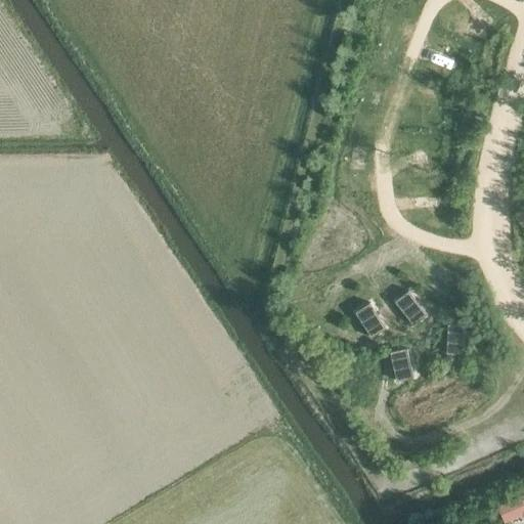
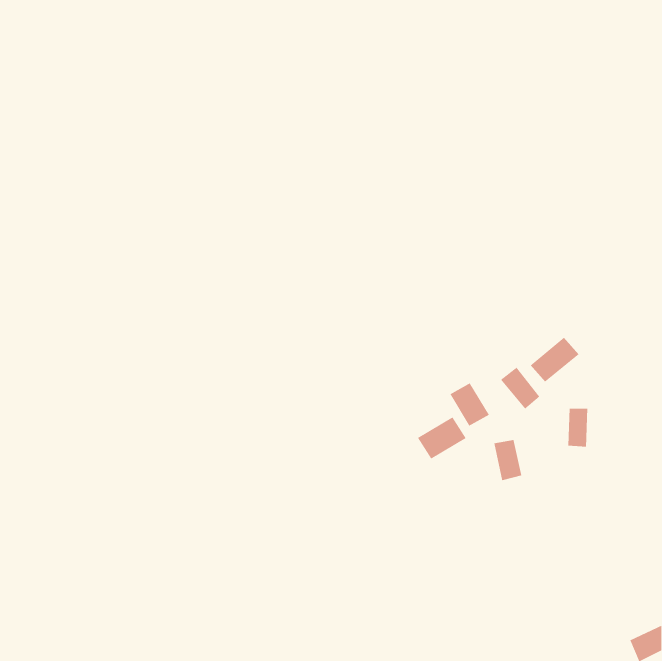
building: none -> [530,337,579,383]
building: none -> [417,416,466,460]

